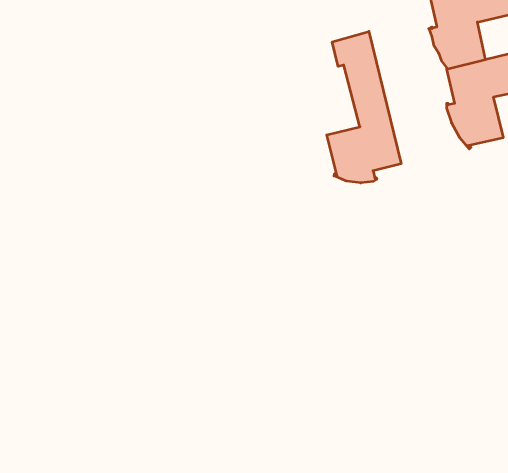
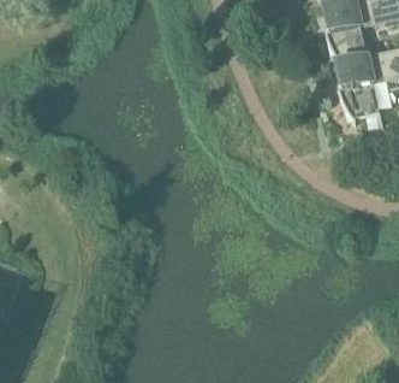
building: [327,31,401,183] -> none

